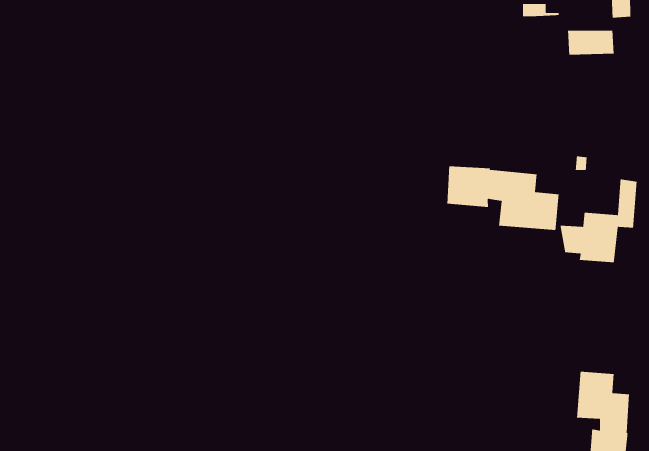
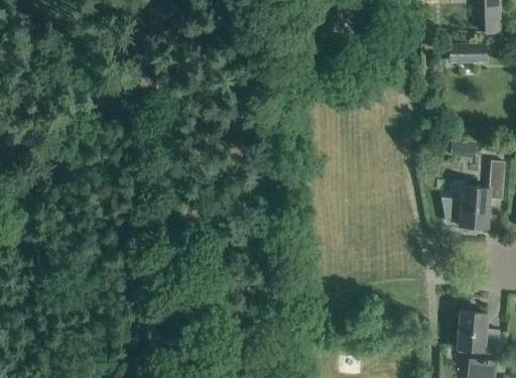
building: [446,166,559,231] -> none

